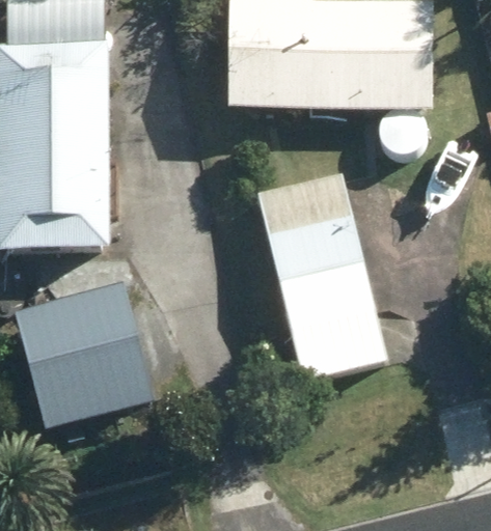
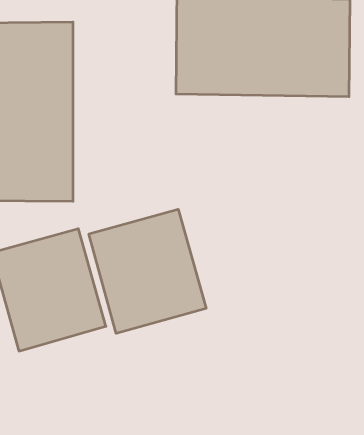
building: [254,172,386,386] -> none
building: none -> [89,209,206,333]

